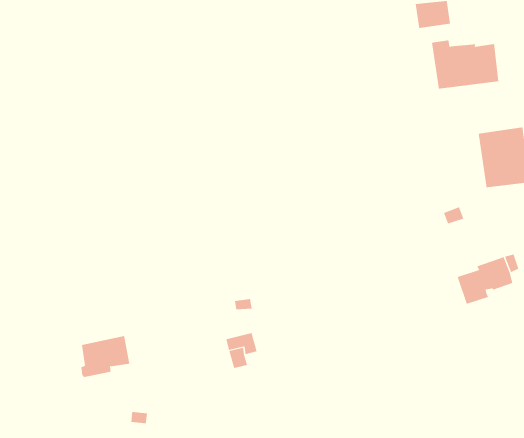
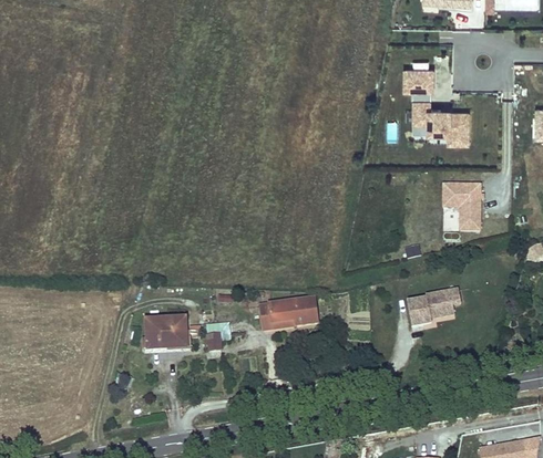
building: none -> [260,298,317,329]
building: [80,336,130,377] -> [144,318,186,347]

